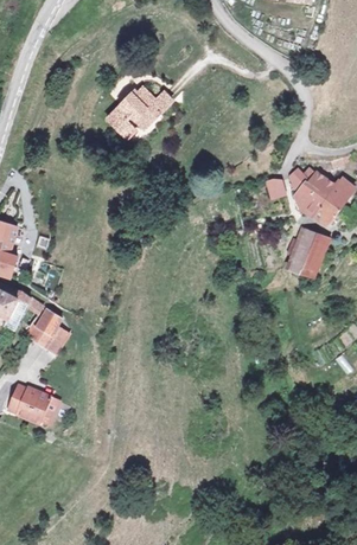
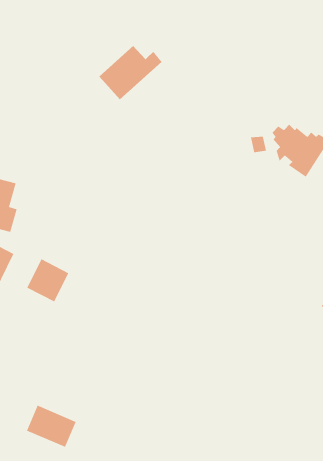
building: [288,225,329,278] -> none
building: [9,382,63,427] -> [26,405,77,448]

